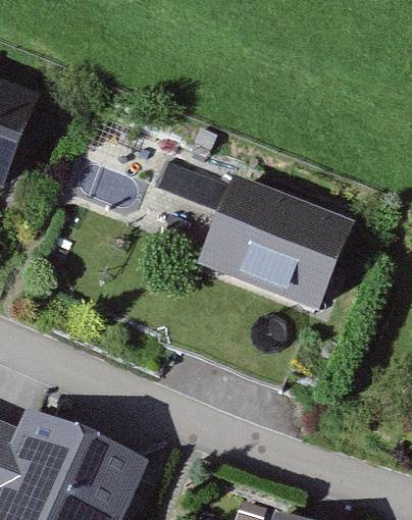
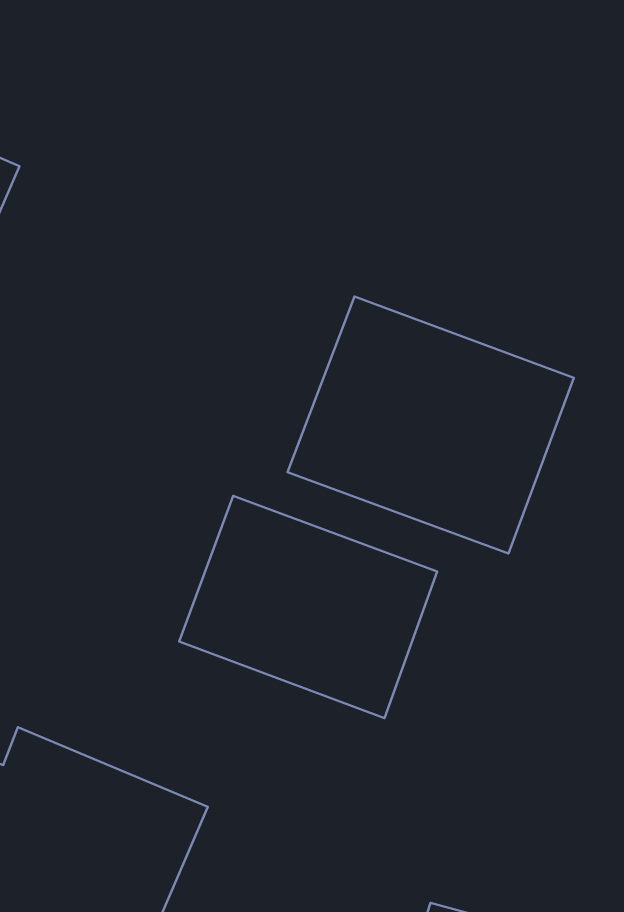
building: none -> [179,496,437,718]

